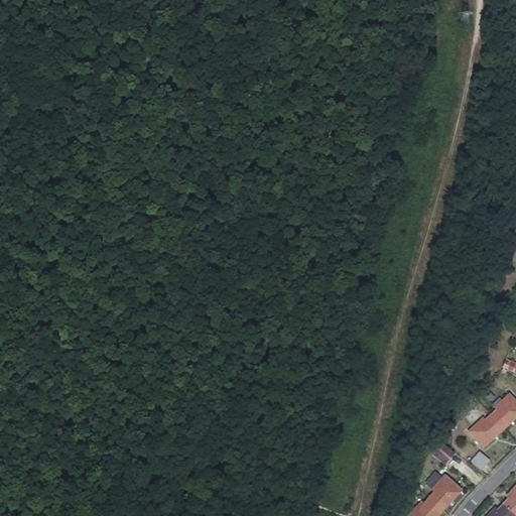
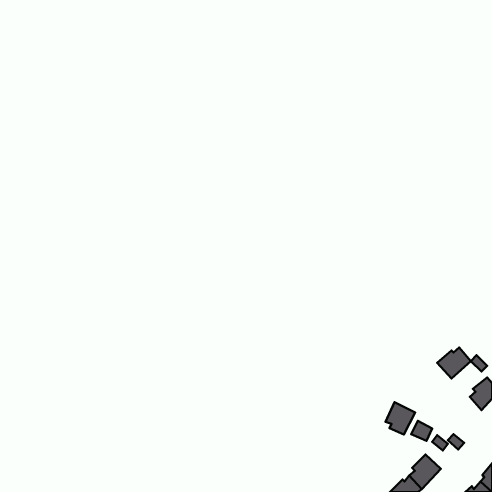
building: [469,415,504,447] -> [437,348,471,378]
building: none -> [386,402,415,435]

